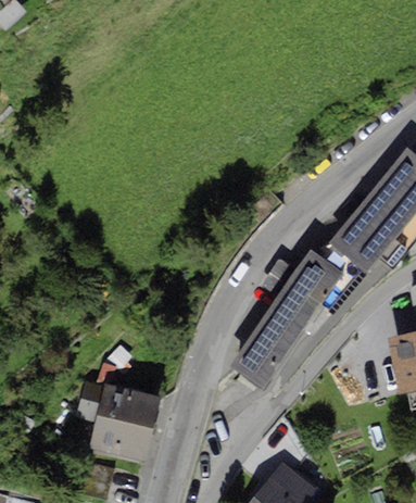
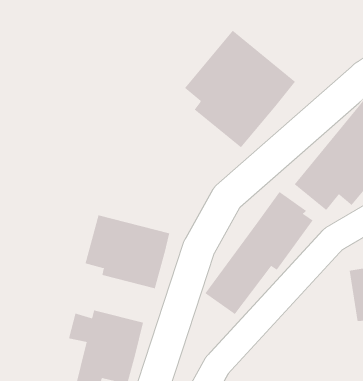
building: none -> [184,30,296,148]
building: none -> [85,215,170,289]

